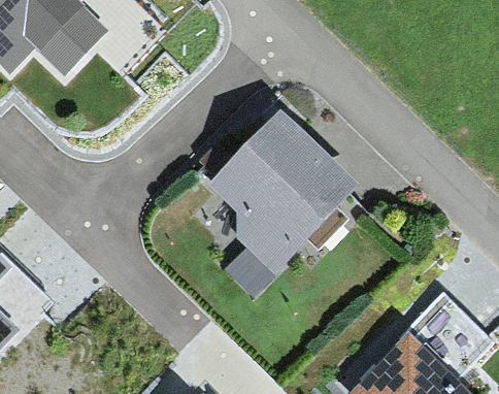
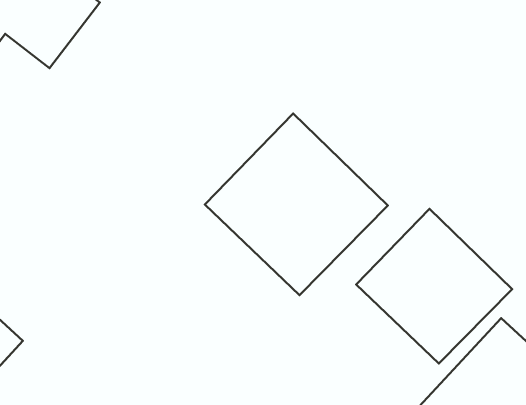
building: none -> [356,209,512,364]

